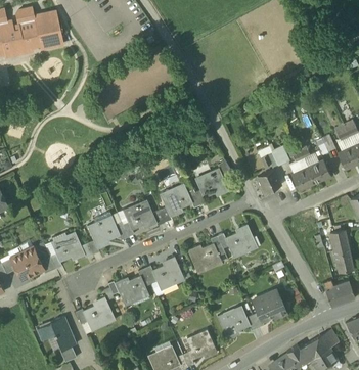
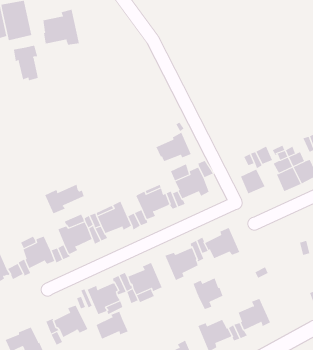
building: none -> [43,9,79,45]
building: none -> [13,45,38,81]
building: none -> [156,132,192,162]
building: none -> [45,184,85,214]
building: none -> [193,278,224,310]
building: none -> [96,311,129,340]

